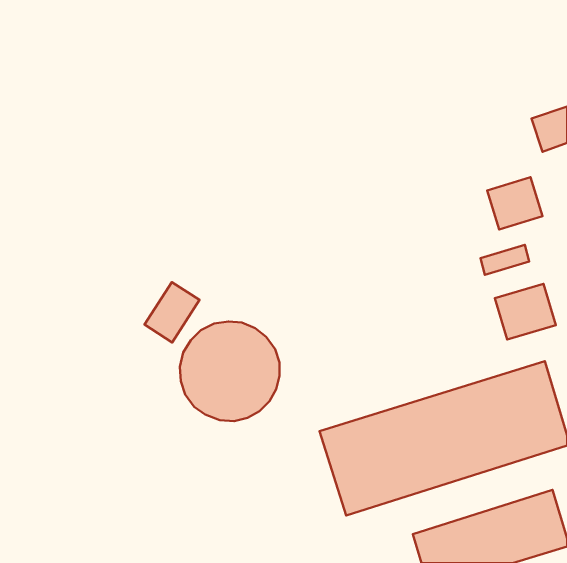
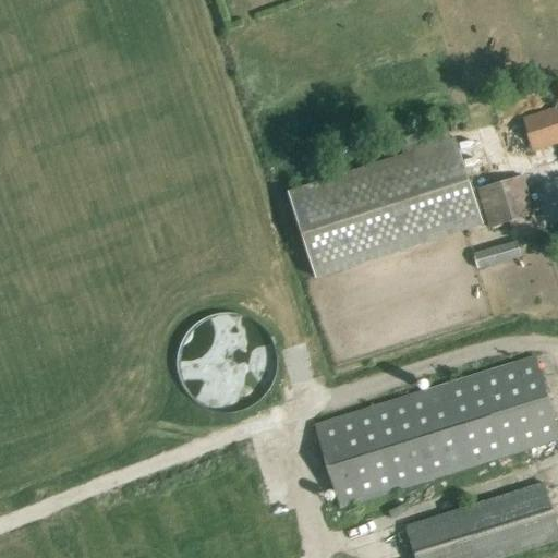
building: none -> [286,125,483,279]
building: [145,282,199,342] -> none
building: [495,284,556,339] -> none

